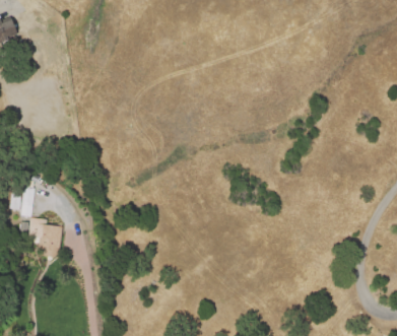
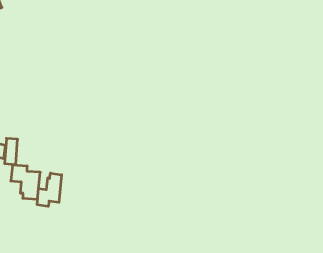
building: none -> [37,173,62,206]

